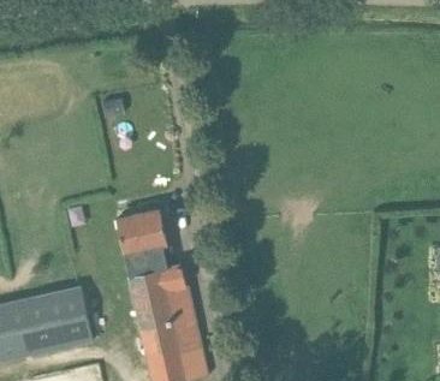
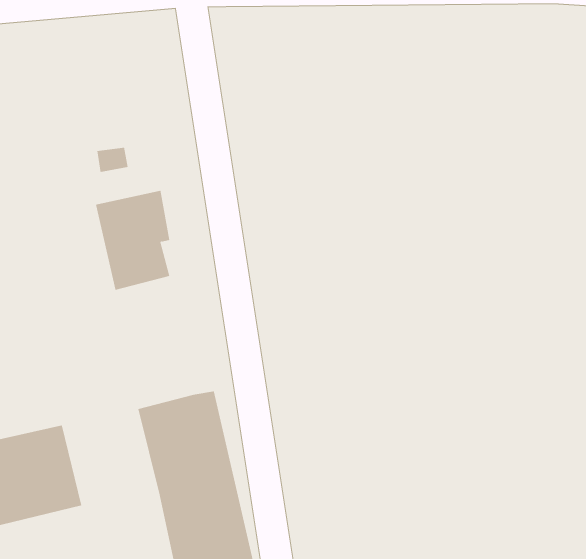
building: [117,209,167,276] -> [95,190,170,290]

